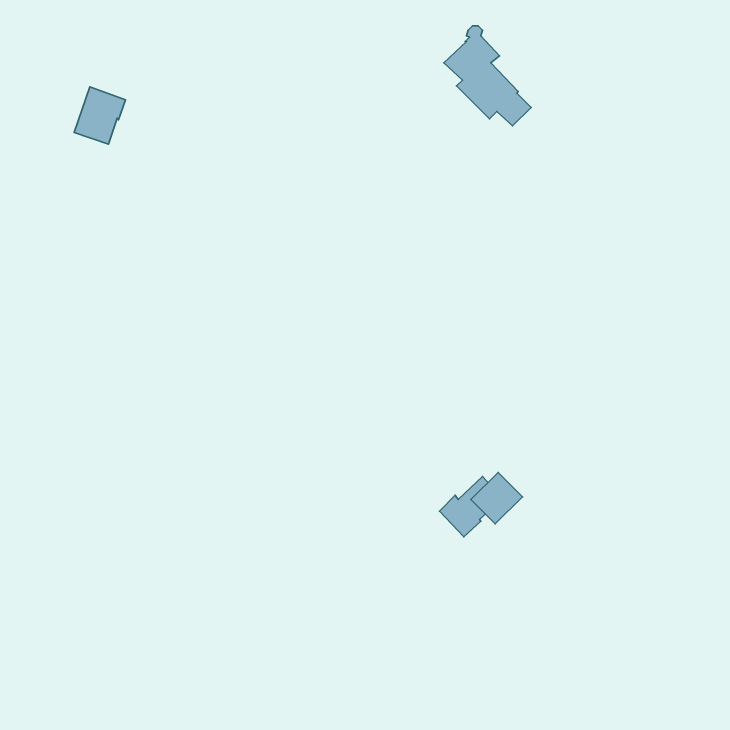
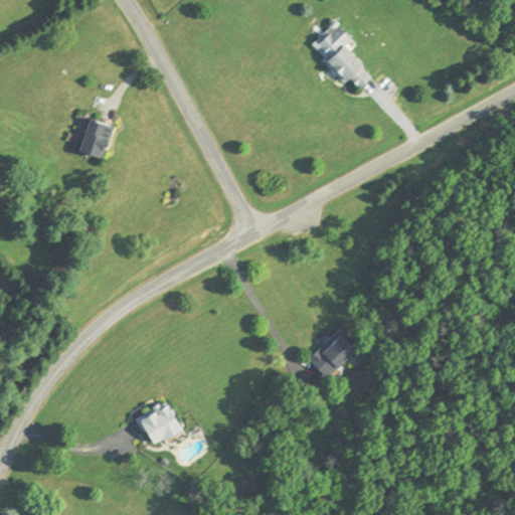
building: [74,87,126,144] -> [77,119,114,159]
building: none -> [135,402,181,443]

